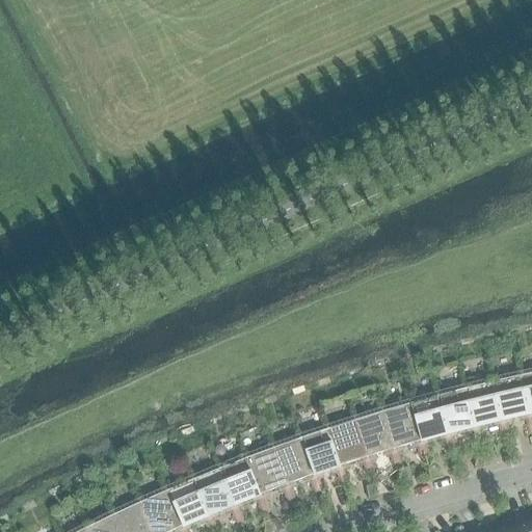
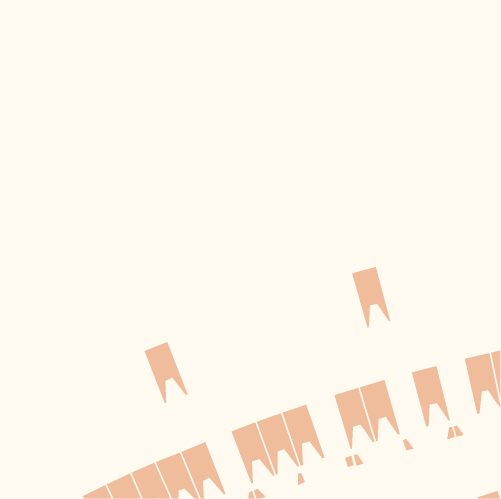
building: [463,379,505,445] -> none
building: [408,394,451,459] -> [351,266,391,328]
building: [325,418,371,484] -> none
building: [218,456,266,523] -> [143,341,189,404]

